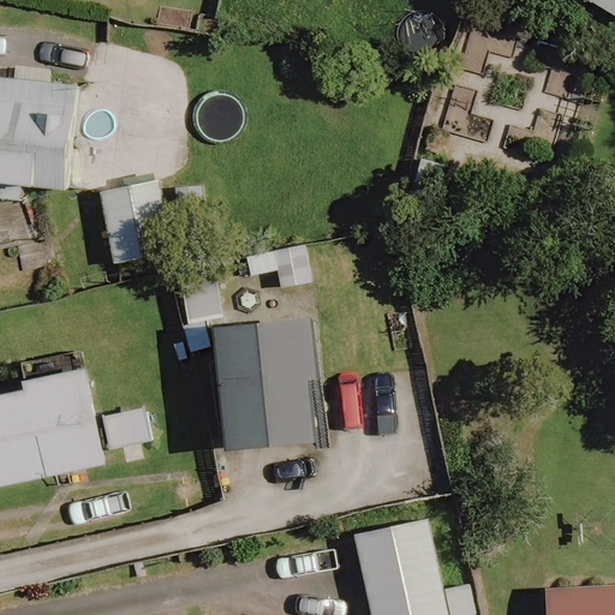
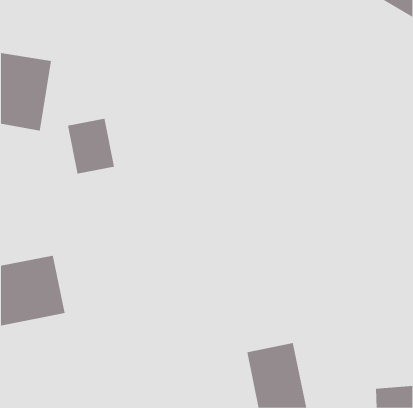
building: [207,327,305,459] -> none

